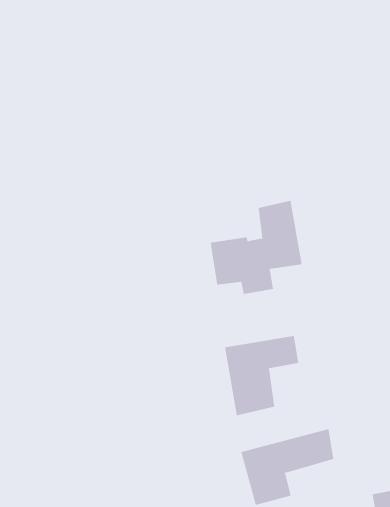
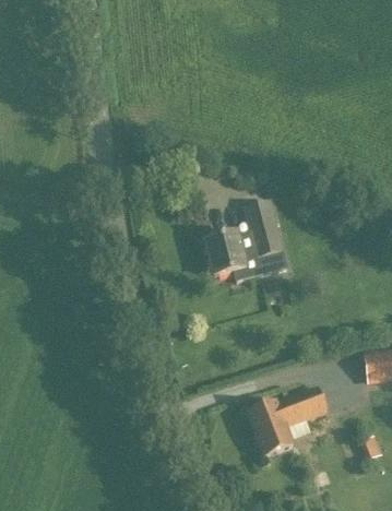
building: [225,335,299,416] -> none

